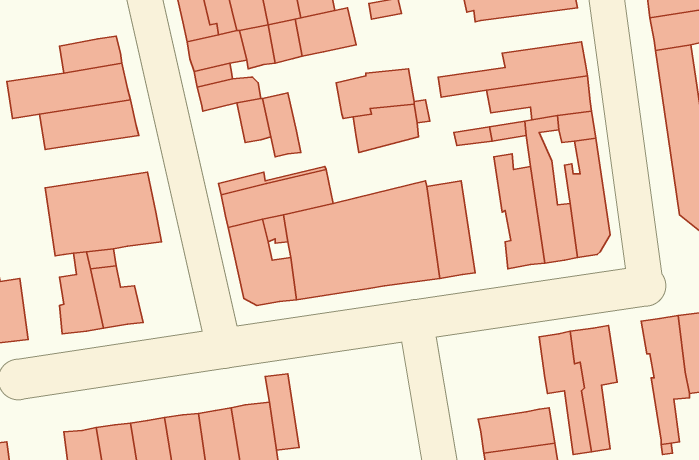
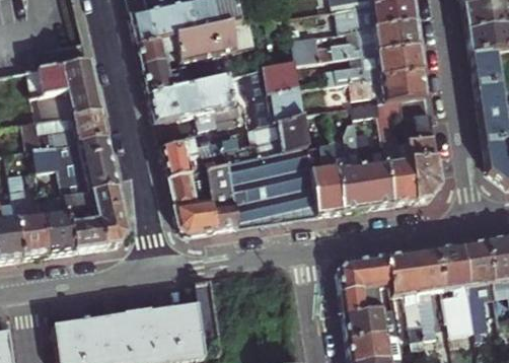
building: none -> [293,20,420,62]
building: none -> [210,77,242,126]
building: none -> [149,88,181,136]
building: none -> [23,112,110,150]
building: none -> [252,113,308,156]
building: none -> [334,127,369,210]
building: none -> [13,172,50,258]
building: none -> [95,188,129,245]
building: none -> [439,244,477,334]
building: none -> [340,256,393,314]

